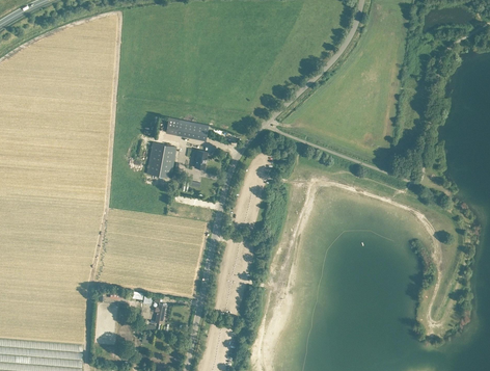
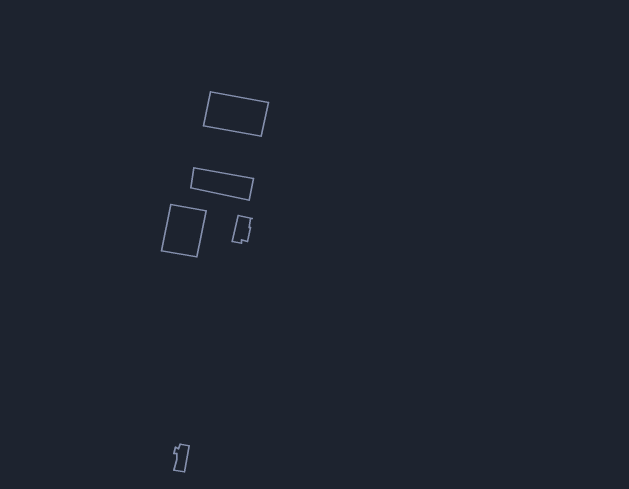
building: none -> [203,92,268,136]

